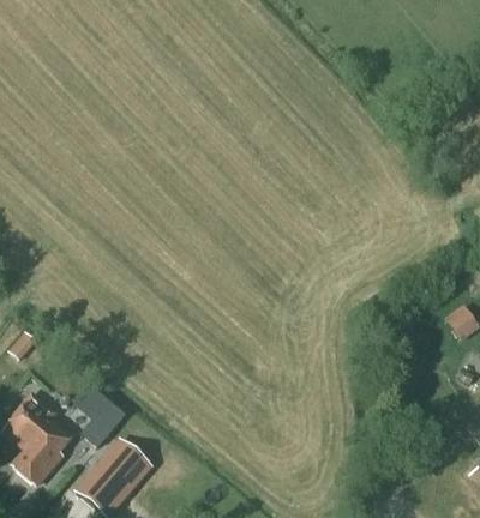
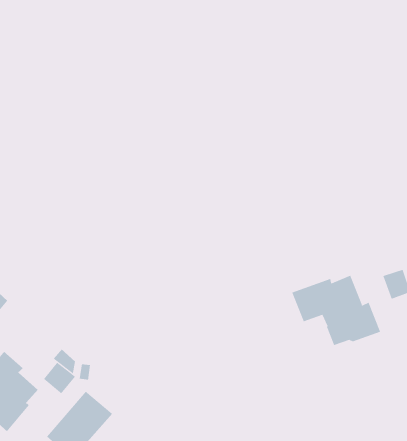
building: none -> [292,275,381,346]

